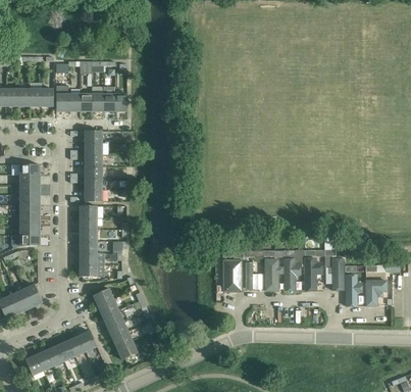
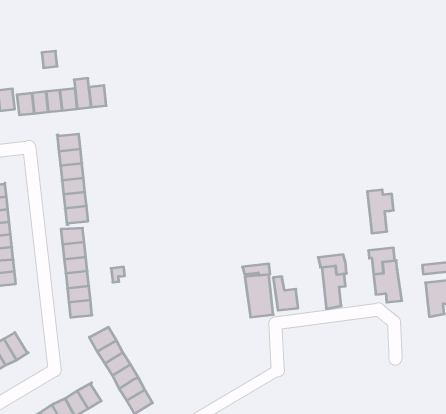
building: [265,258,284,292] -> none
building: [305,258,324,292] -> [367,190,394,233]
building: [346,275,363,306] -> none

